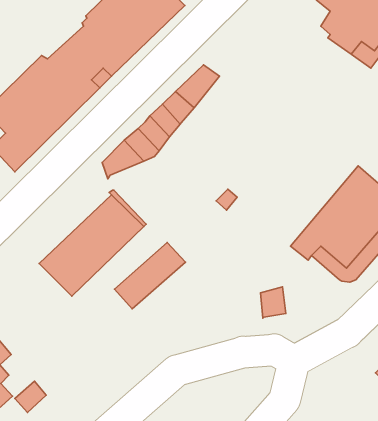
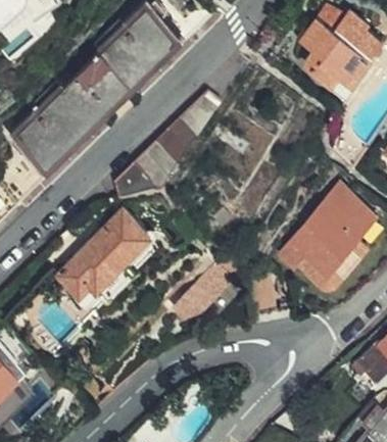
building: [115,243,186,309] -> [170,265,232,324]

